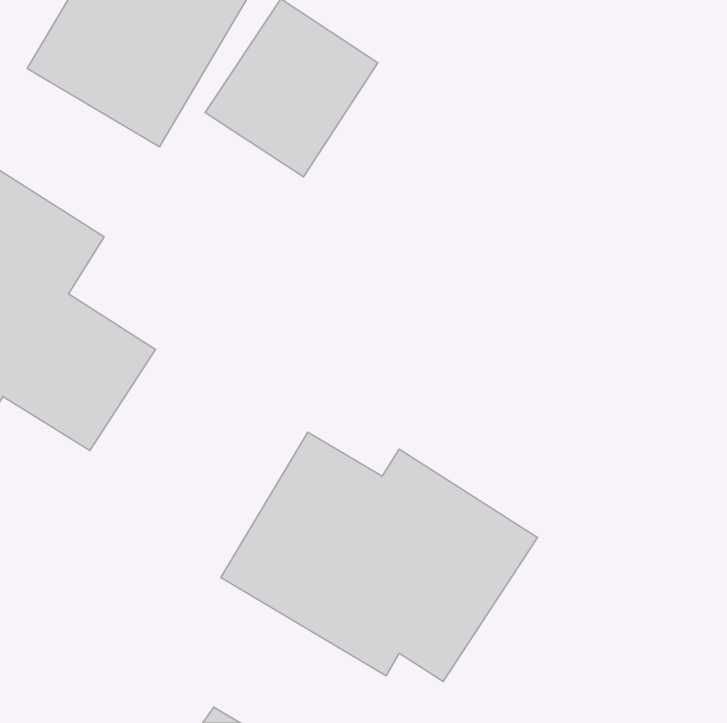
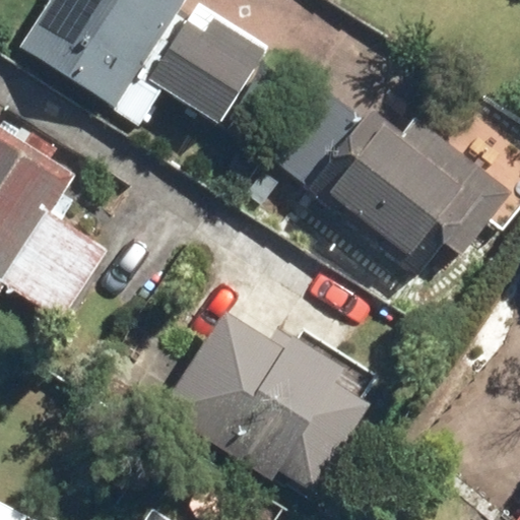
building: none -> [310,104,513,285]

